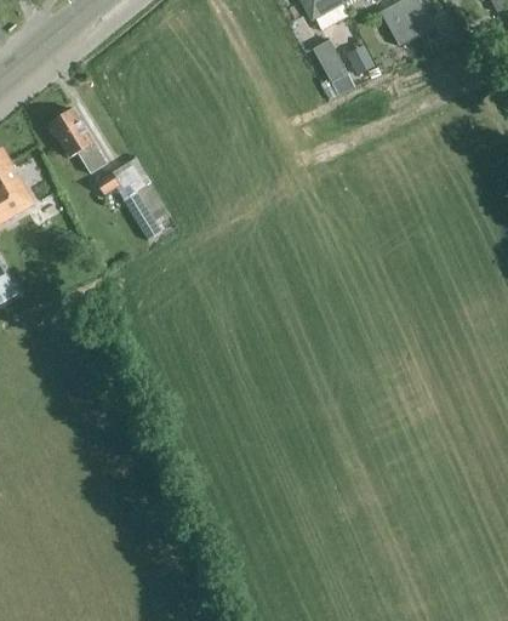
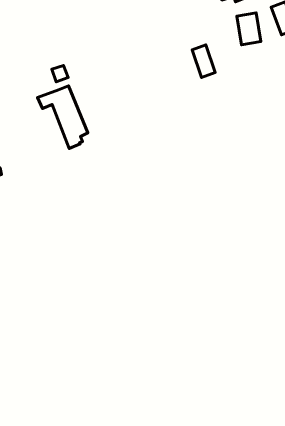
building: [312,39,347,82] -> [192,45,215,78]
building: [48,108,107,172] -> none

